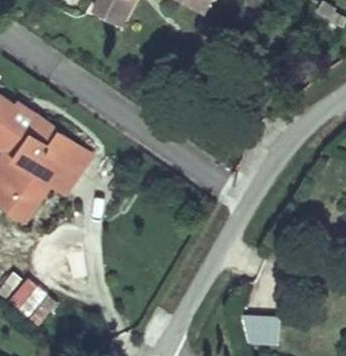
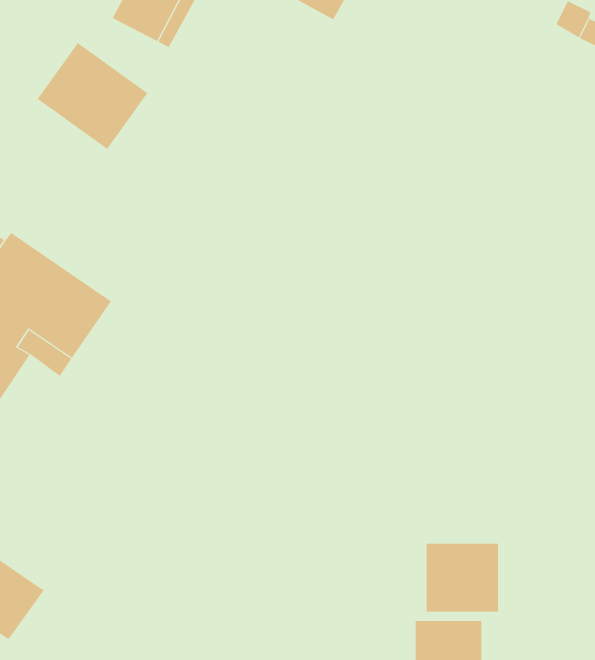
building: none -> [37,42,148,150]
building: none -> [426,543,499,613]

